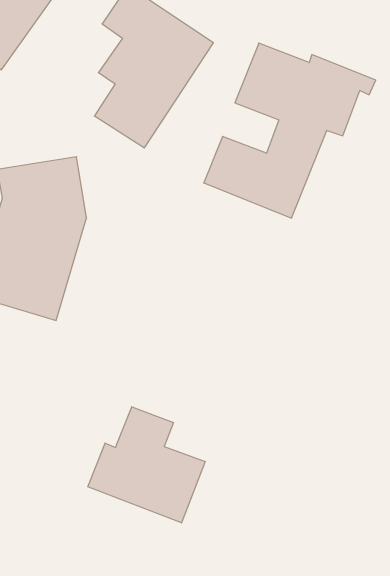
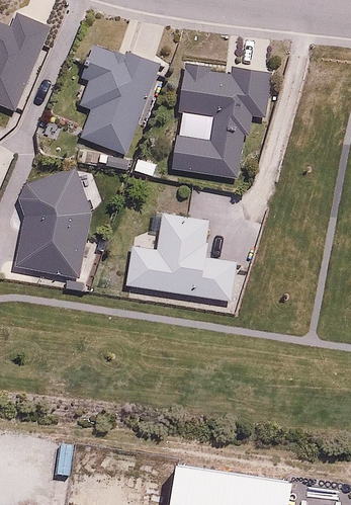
building: none -> [124,213,237,302]
building: [88,407,205,523] -> none

